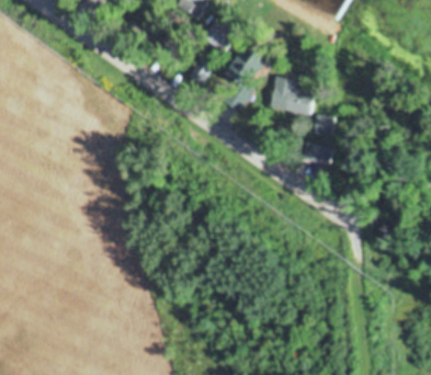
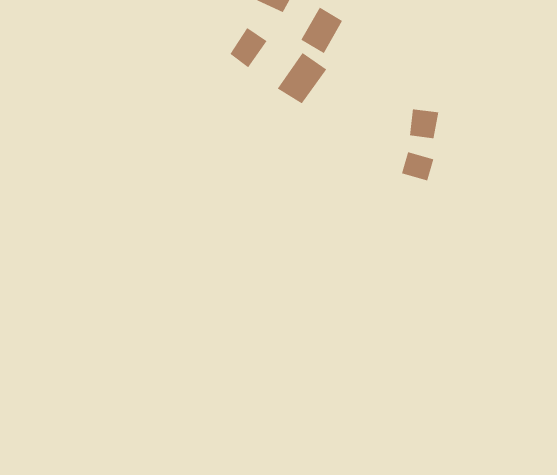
building: [268,76,317,116] -> none

